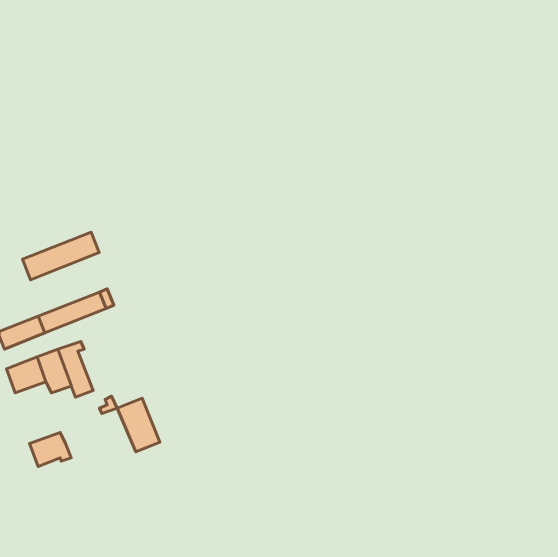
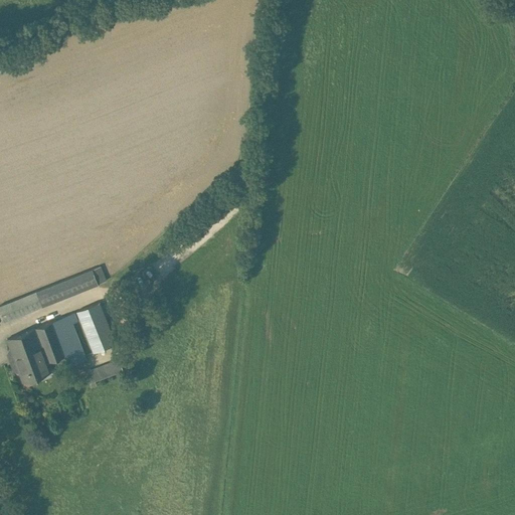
building: [22,232,99,280] -> none
building: [117,398,160,452] -> [75,304,115,353]
building: [29,433,71,466] -> [14,353,52,384]

